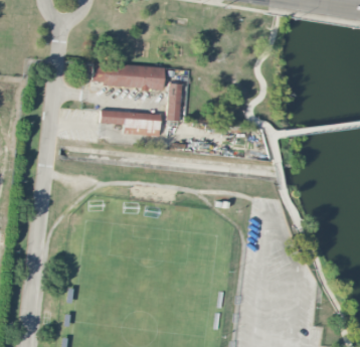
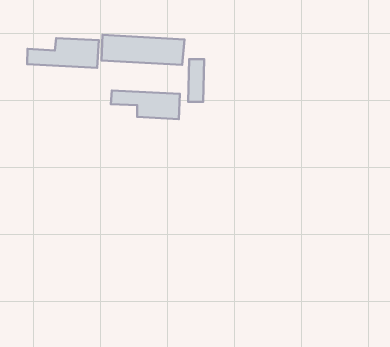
building: none -> [27,38,99,68]

